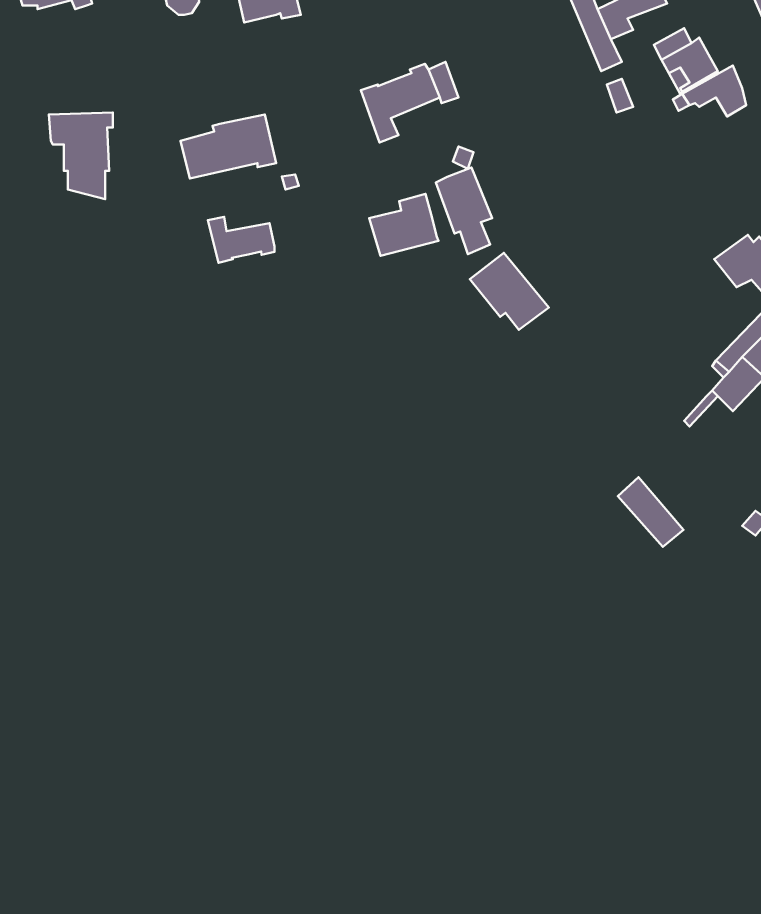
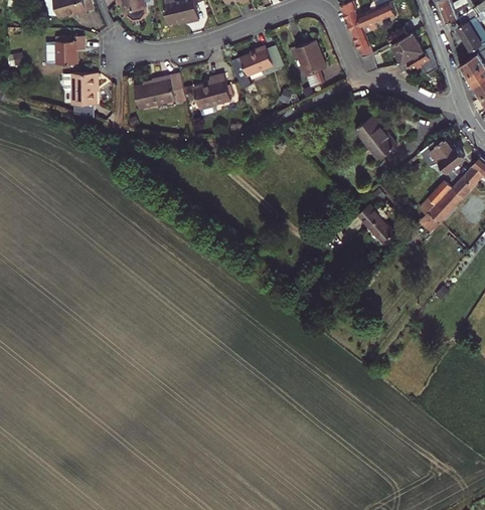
building: none -> [56,37,84,64]
building: [436,168,492,254] -> [295,41,325,88]
building: [369,194,439,256] -> [193,75,230,109]
building: [208,217,274,263] -> none
building: [470,253,549,330] -> [354,117,396,158]
building: [618,477,684,547] -> [358,205,393,242]

